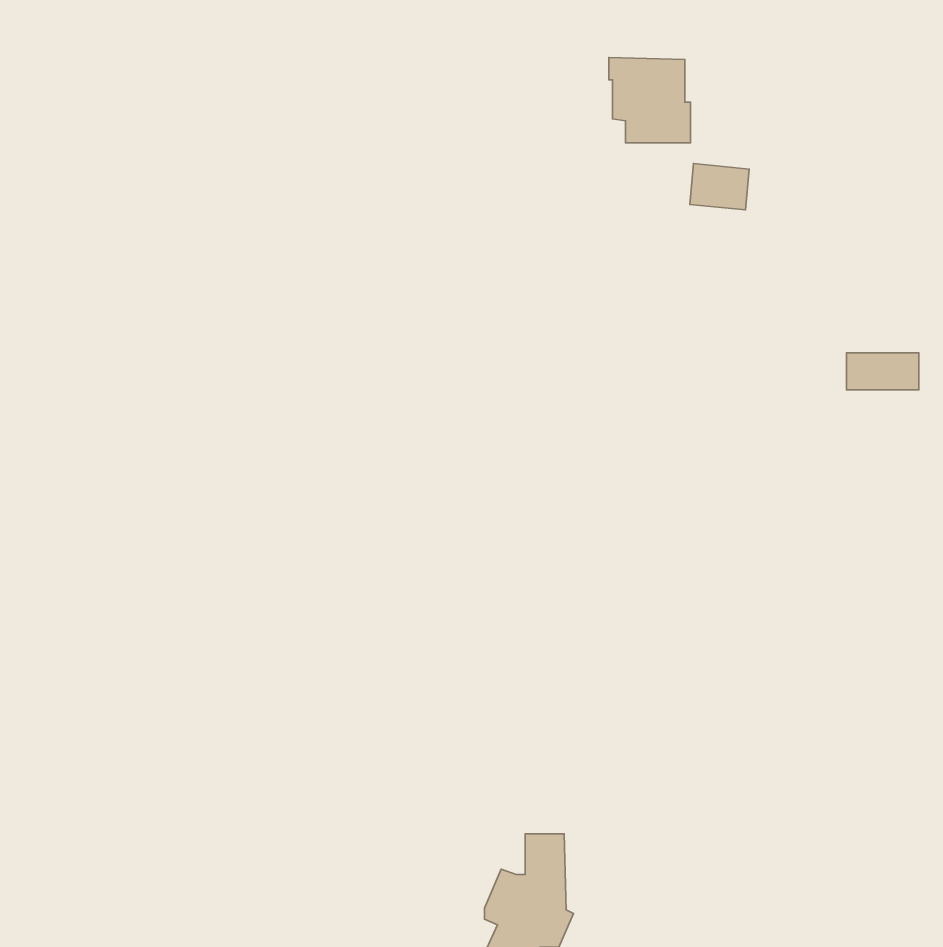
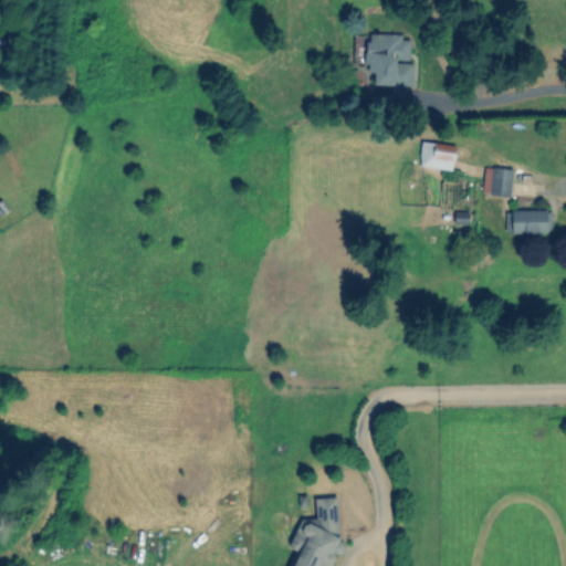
building: [690,164,749,210] -> [421,143,457,170]
building: none -> [484,167,514,196]

